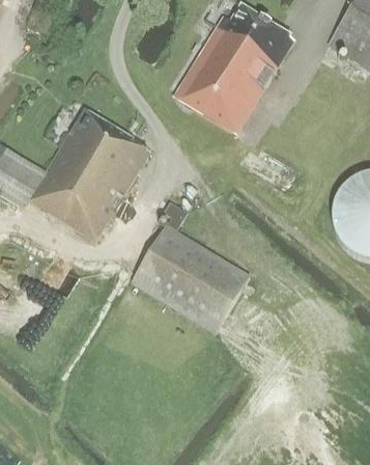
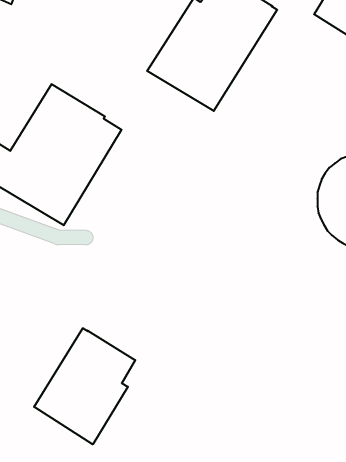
building: [132,200,250,331] -> none
building: none -> [34,328,135,444]

